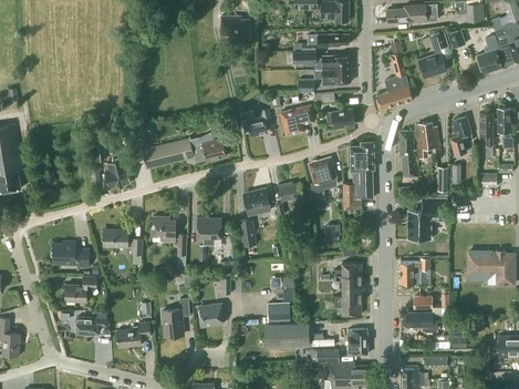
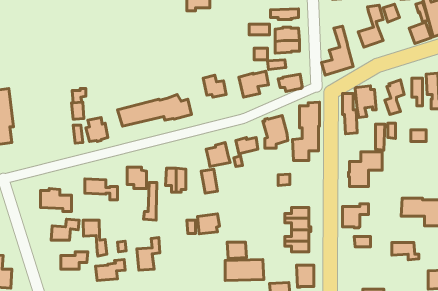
building: none -> [83,220,107,256]
building: [198,303,224,326] -> [197,214,219,234]
building: [405,313,436,332] -> [392,243,419,260]

